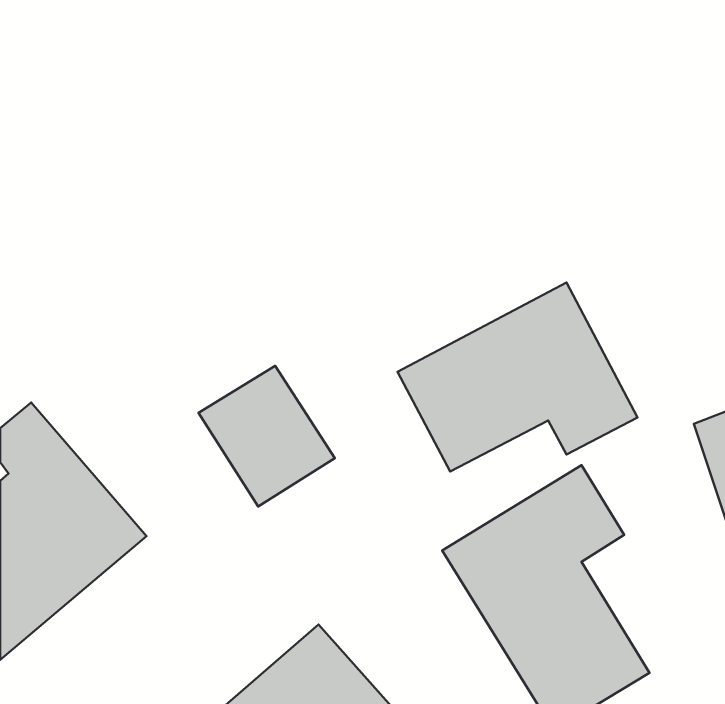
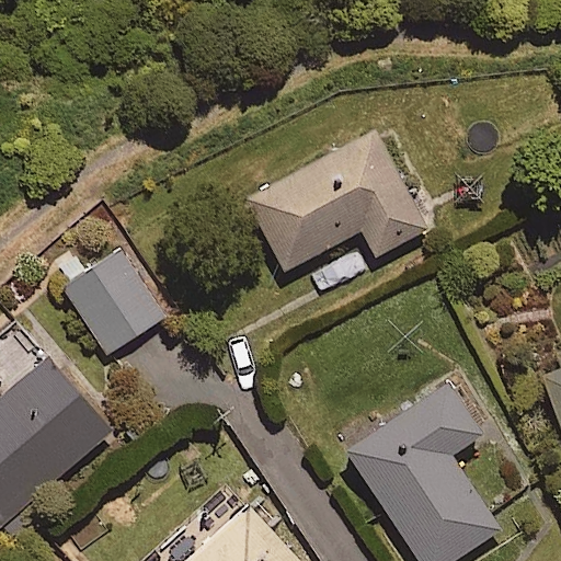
building: [397,282,638,472] -> [242,123,427,268]
building: [199,366,335,507] -> [60,245,165,354]

